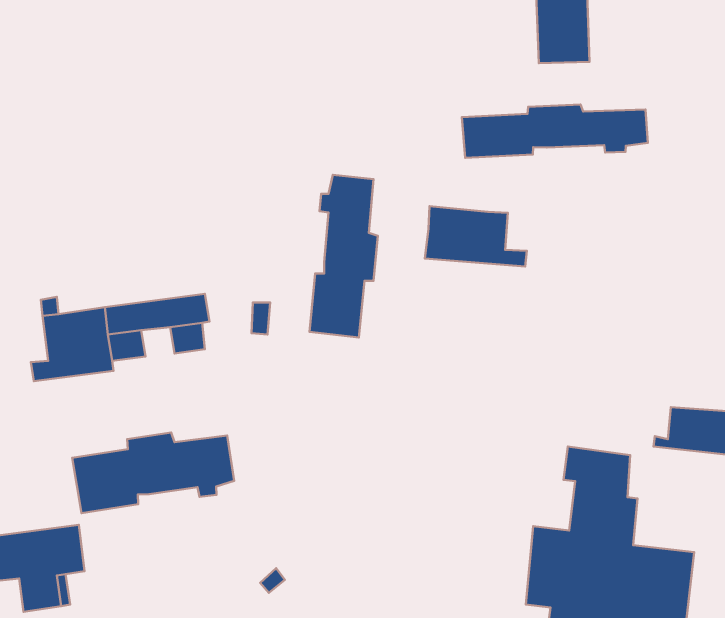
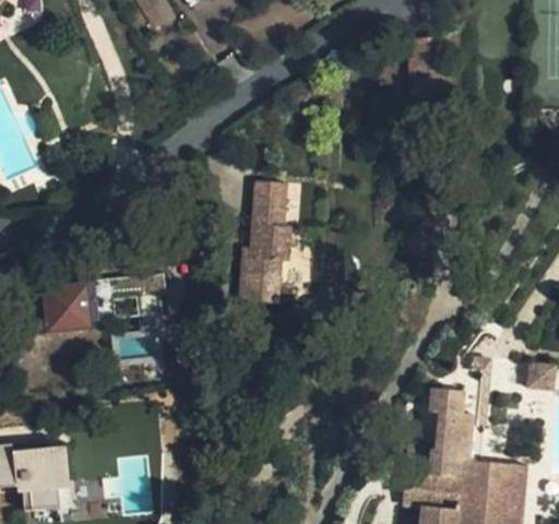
building: [462,104,648,158] -> none
building: [425,206,527,266] -> none
building: [72,433,234,513] -> none

